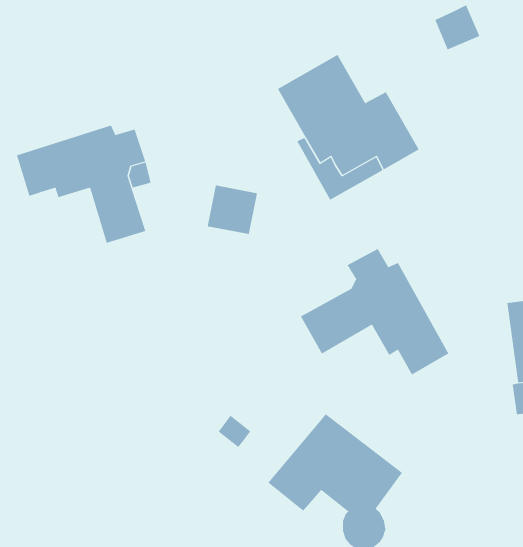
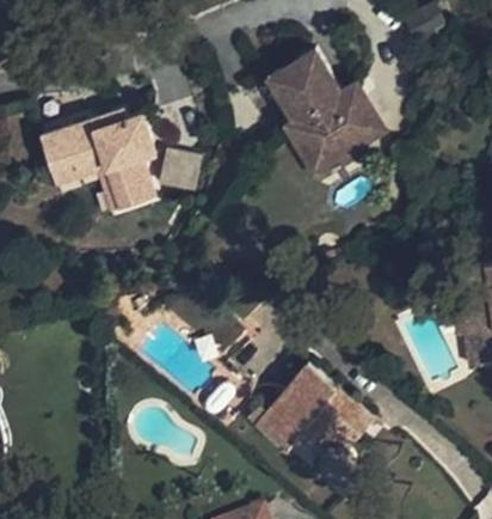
building: [207,185,258,235] -> [159,146,203,189]
building: none -> [50,165,117,215]
building: [300,248,449,376] -> none

